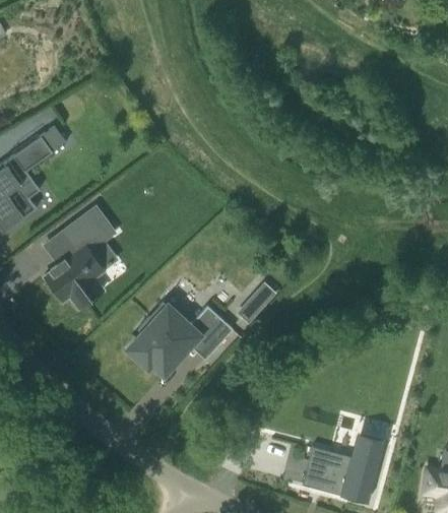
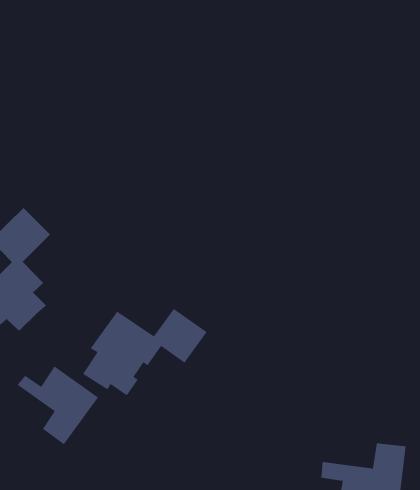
building: [242,279,282,322] -> none
building: none -> [17,365,99,445]

